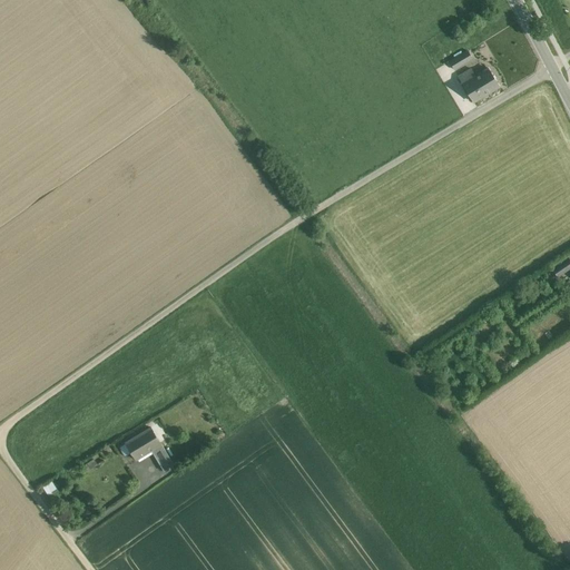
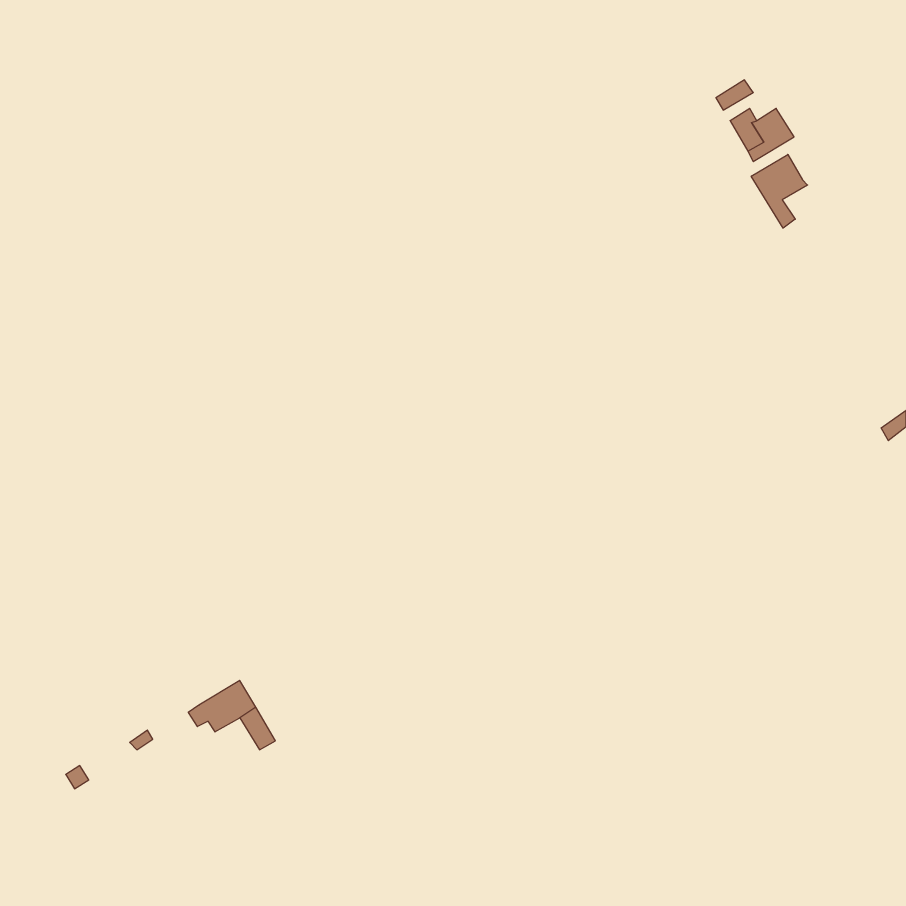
building: none -> [751,154,808,228]

